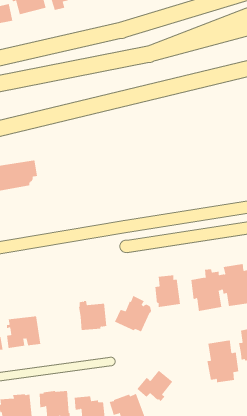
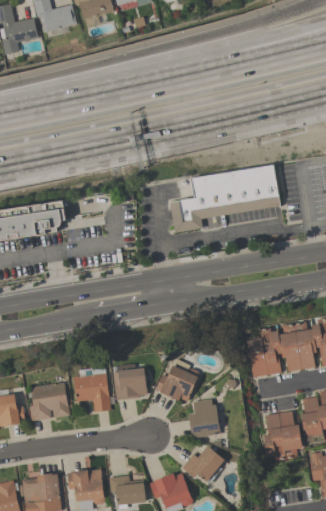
building: none -> [169,164,280,232]
building: [154,275,181,308] -> [189,399,220,437]
building: none -> [74,367,114,411]

